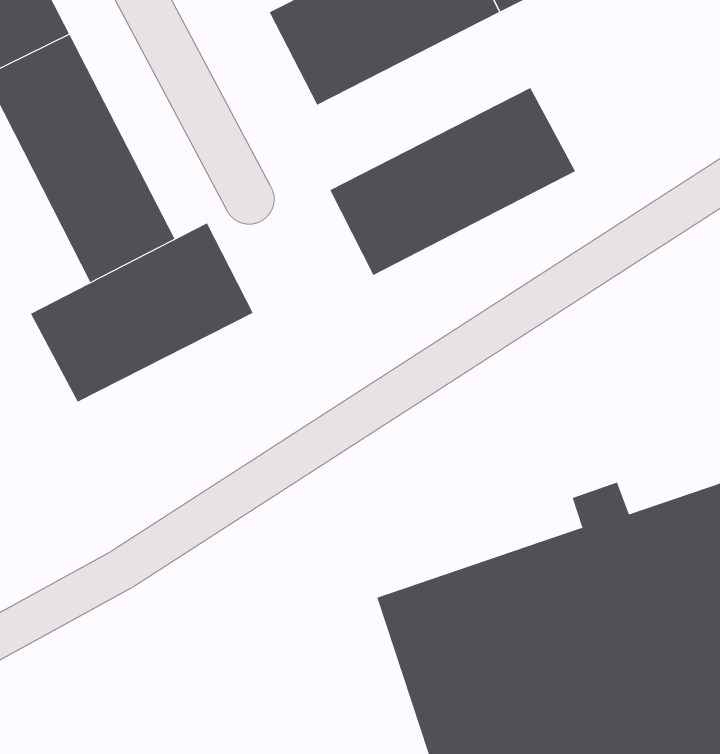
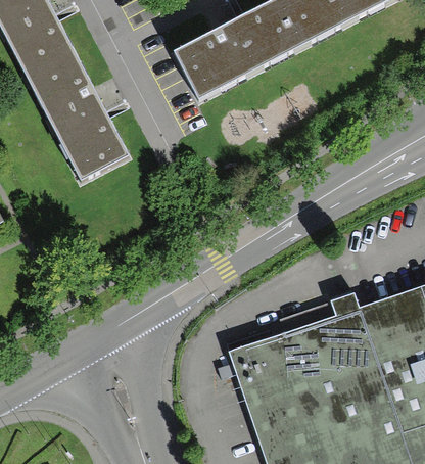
building: [329,87,576,276] -> none
building: [30,223,254,402] -> none

